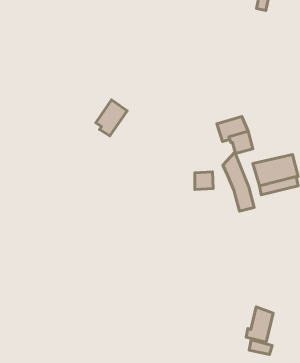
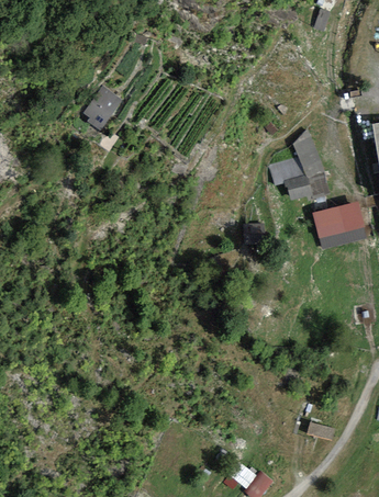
building: [96,100,127,136] -> [82,86,120,128]
building: [223,152,254,211] -> [292,128,330,199]
building: [246,307,273,342] -> none

